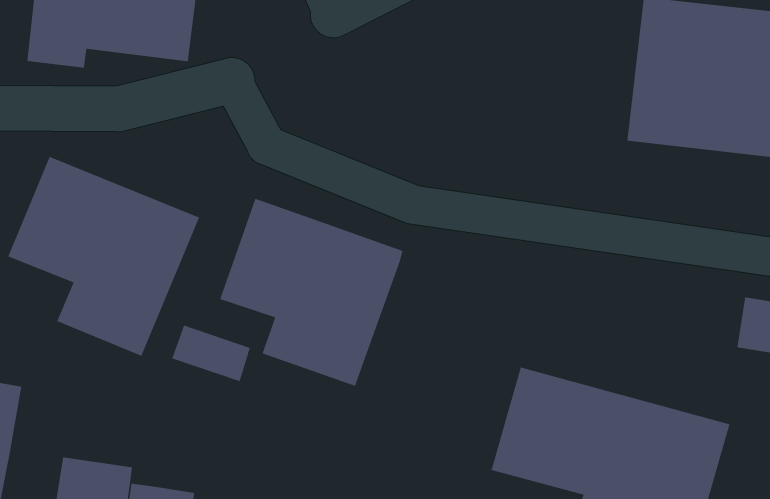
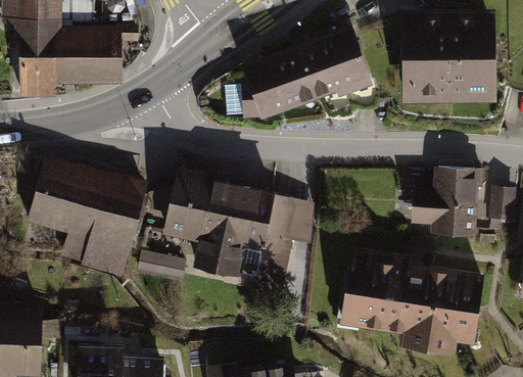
building: none -> [239,28,369,121]
building: none -> [415,170,481,237]
building: none -> [252,196,313,285]

